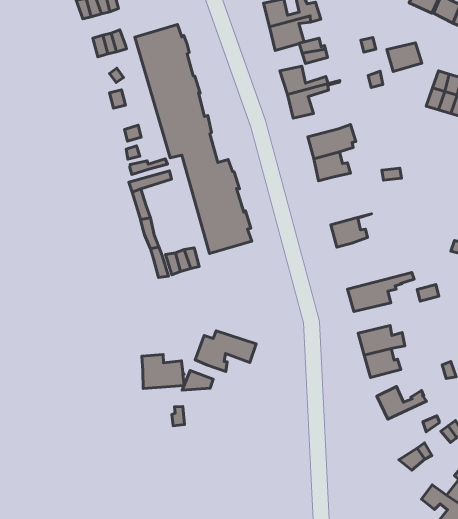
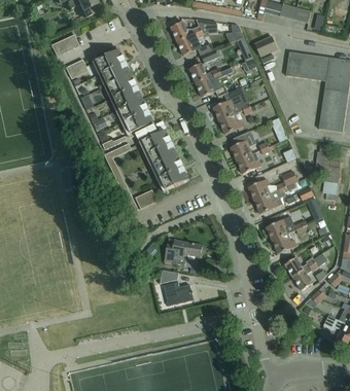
building: none -> [231,133,255,161]
building: none -> [248,171,297,200]
building: [142,355,184,389] -> [164,282,194,306]
building: none -> [293,251,331,290]

